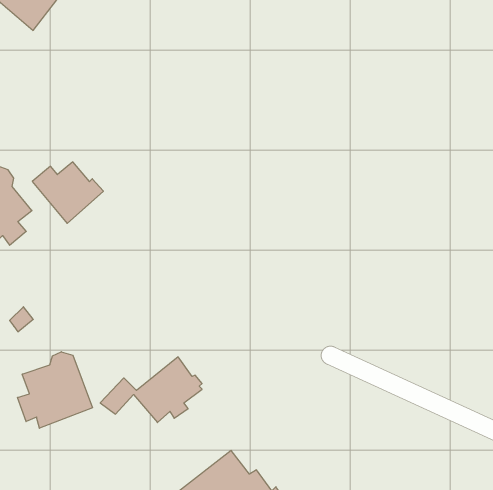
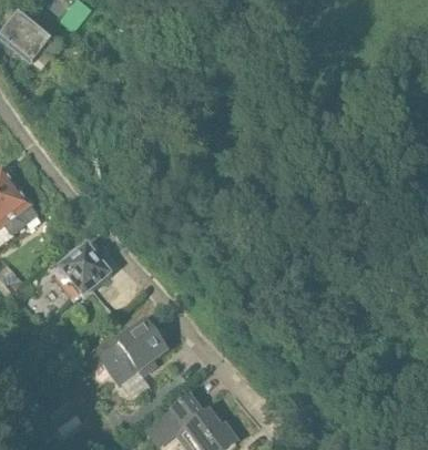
building: [32,162,103,223] -> [55,246,112,295]
building: [18,352,93,428] -> none

